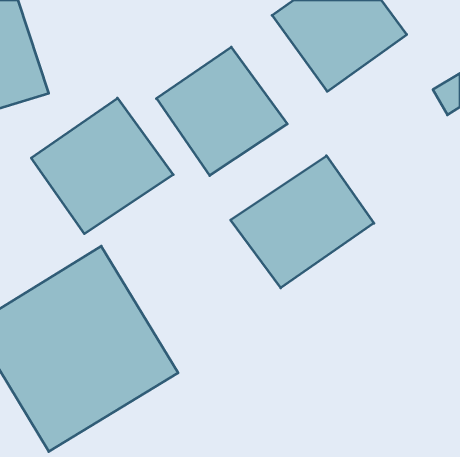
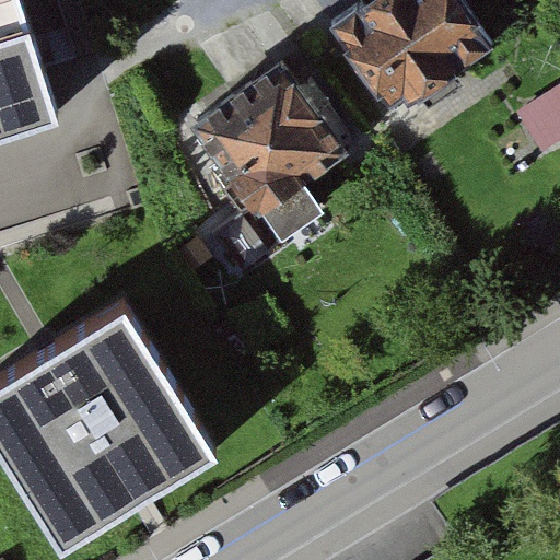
building: [31,98,173,234] -> none
building: [231,156,374,288] -> none

